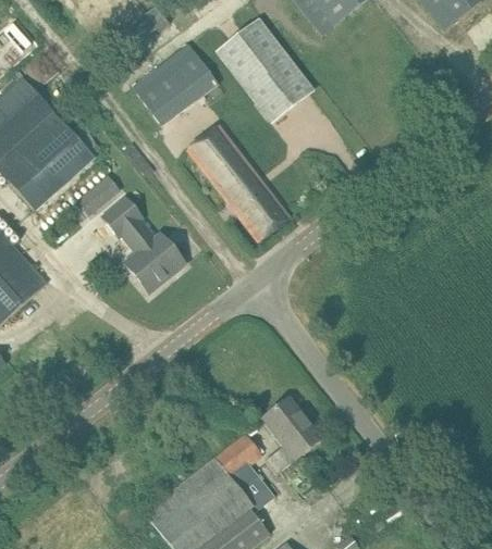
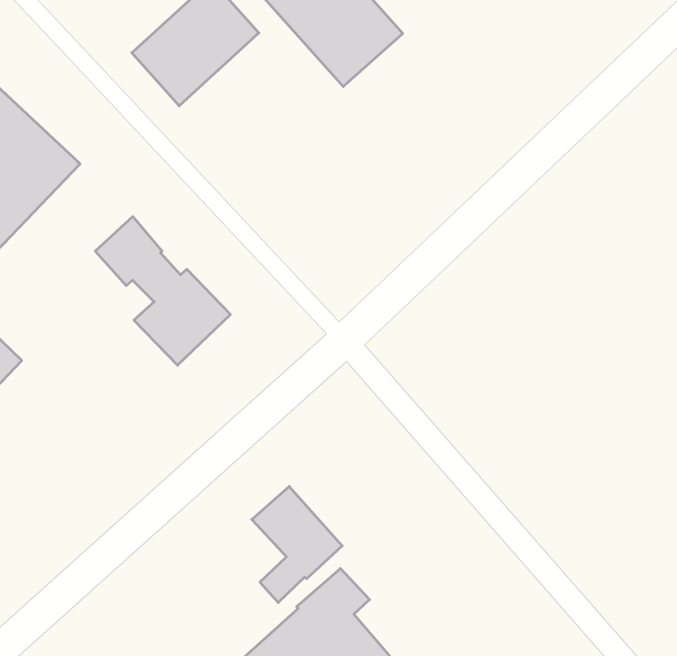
building: [186,126,290,242] -> none
building: [76,176,118,214] -> none
building: [262,399,320,474] -> [252,486,342,603]

